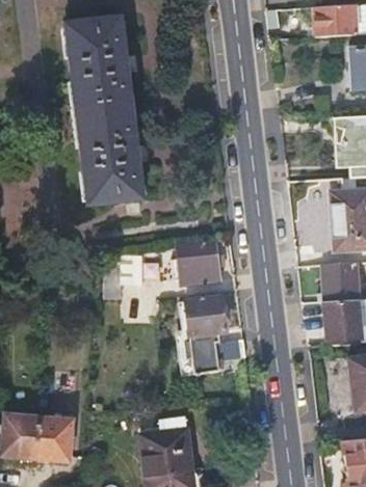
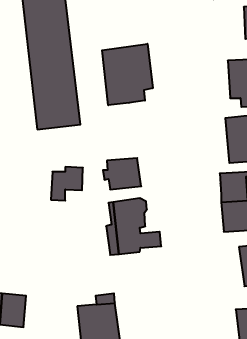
building: none -> [102,44,153,105]

